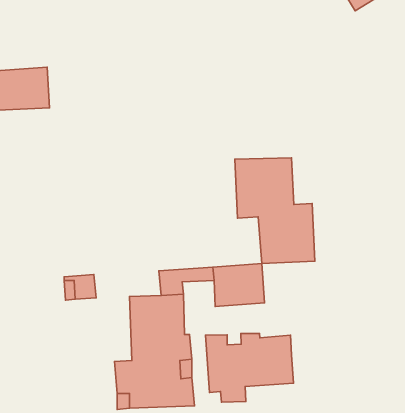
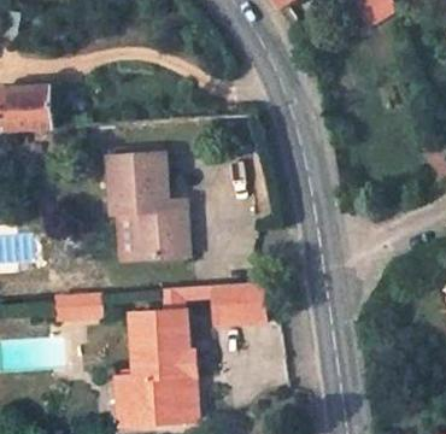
building: [235,158,315,263] -> [108,156,187,259]
building: [206,333,293,402] -> none

